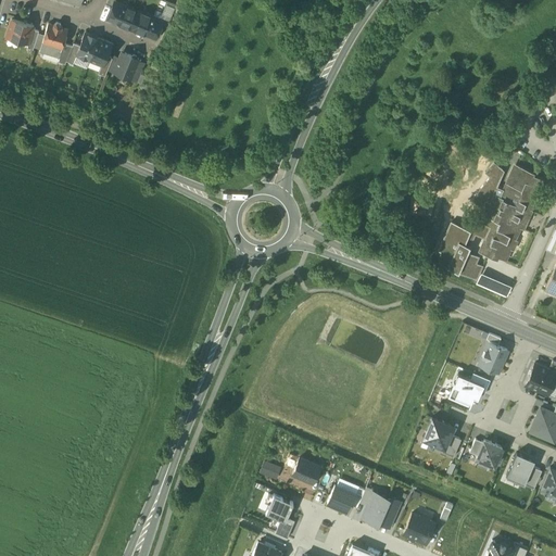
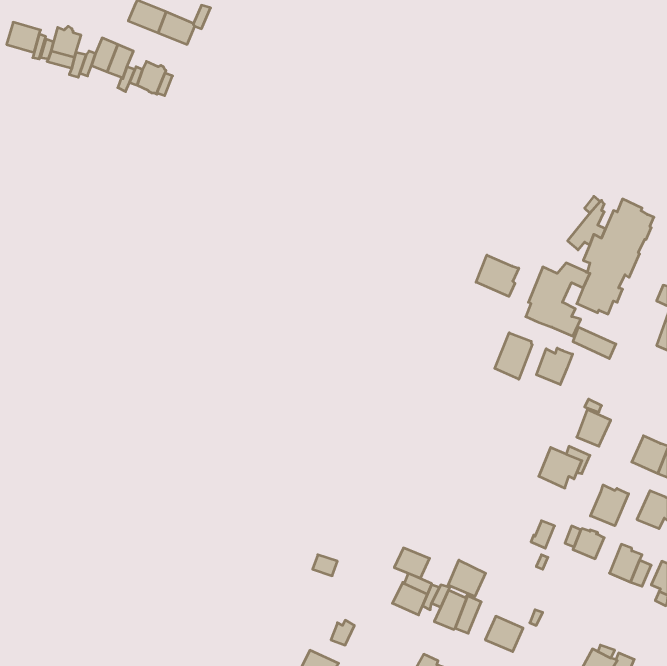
building: none -> [476,255,519,296]
building: none -> [495,333,532,379]
building: none -> [536,348,573,385]
building: none -> [590,485,629,526]
building: [424,417,454,447] -> none
building: [292,458,321,483] -> [394,548,430,578]
building: none -> [448,560,486,596]
building: [266,494,294,521] -> none

